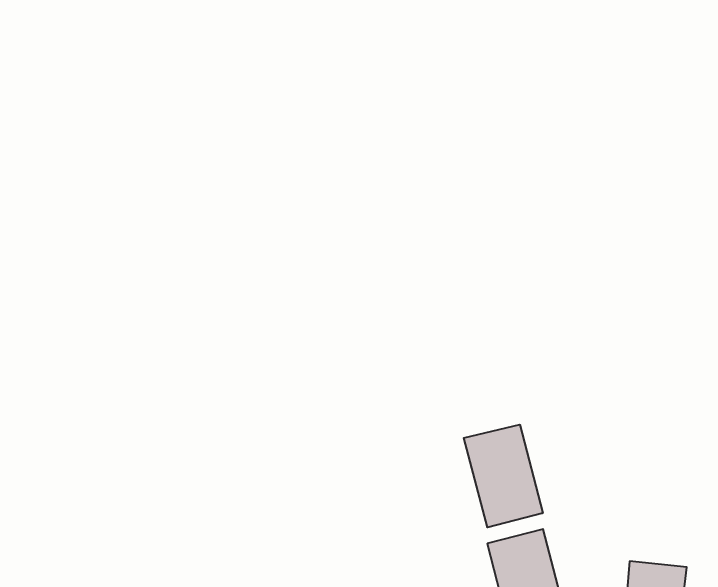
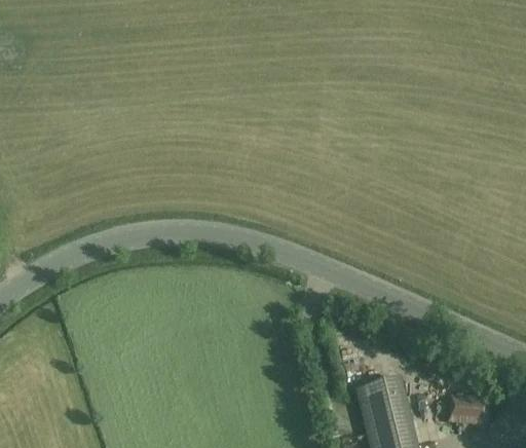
building: [464,425,543,527] -> none

